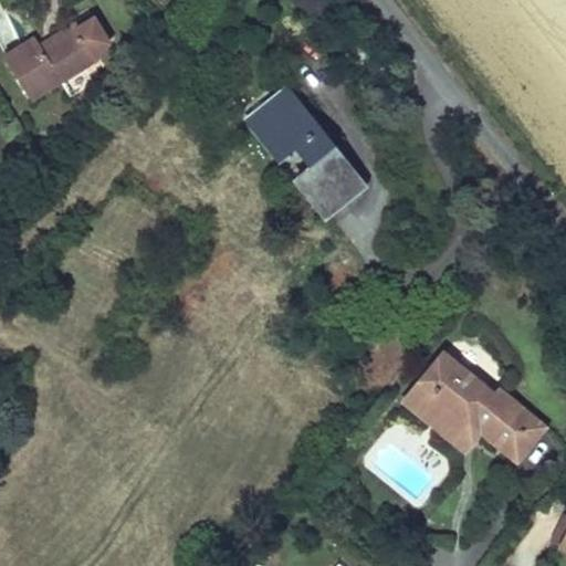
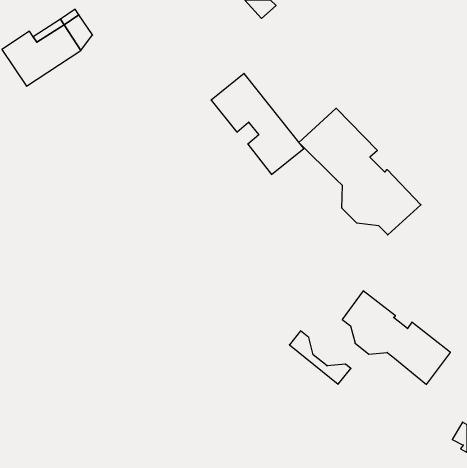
building: none -> [299,108,421,235]
building: [399,386,473,450] -> [289,331,351,384]

